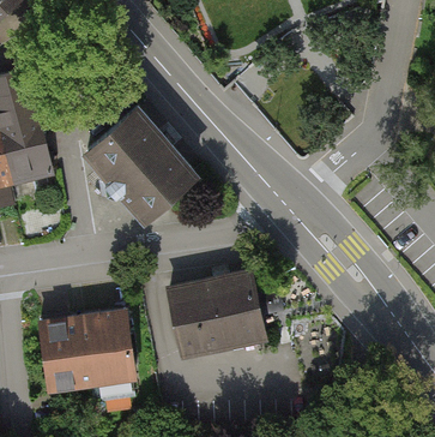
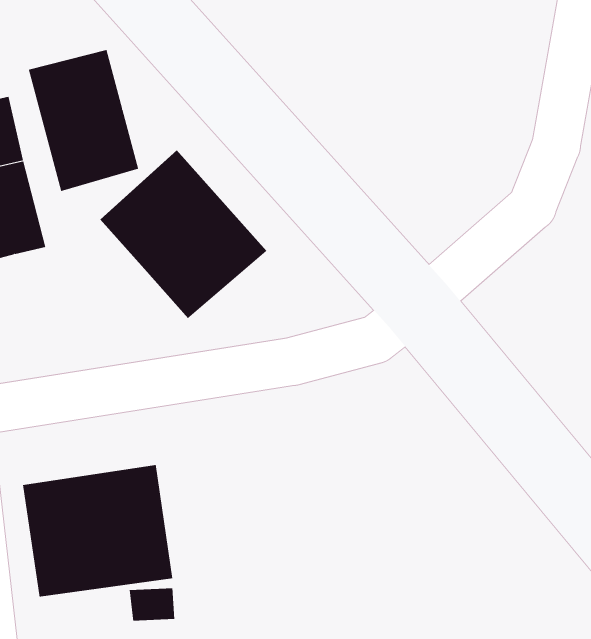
building: none -> [28,49,139,192]
building: [170,269,264,360] -> none

